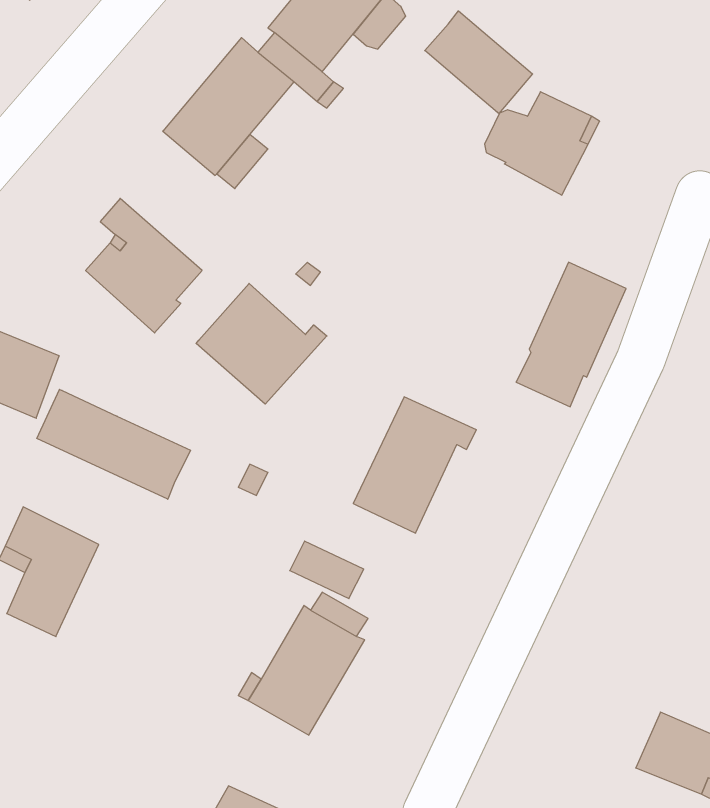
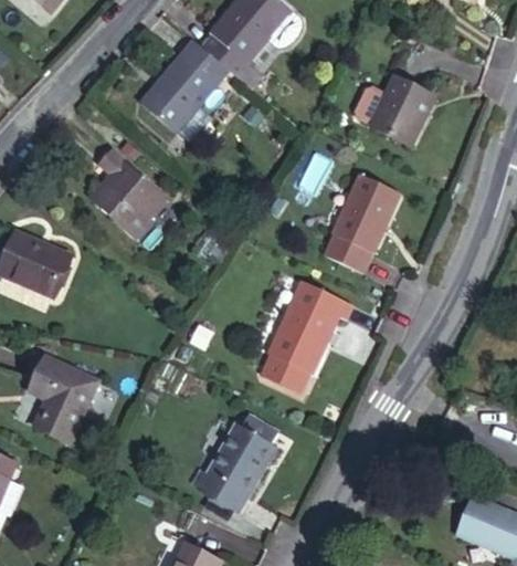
building: [425,11,533,114] -> none
building: [516,262,626,407] -> [324,175,398,272]
building: [196,283,327,404] -> none
building: [37,389,190,499] -> none
building: [290,541,364,599] -> [261,355,310,394]

